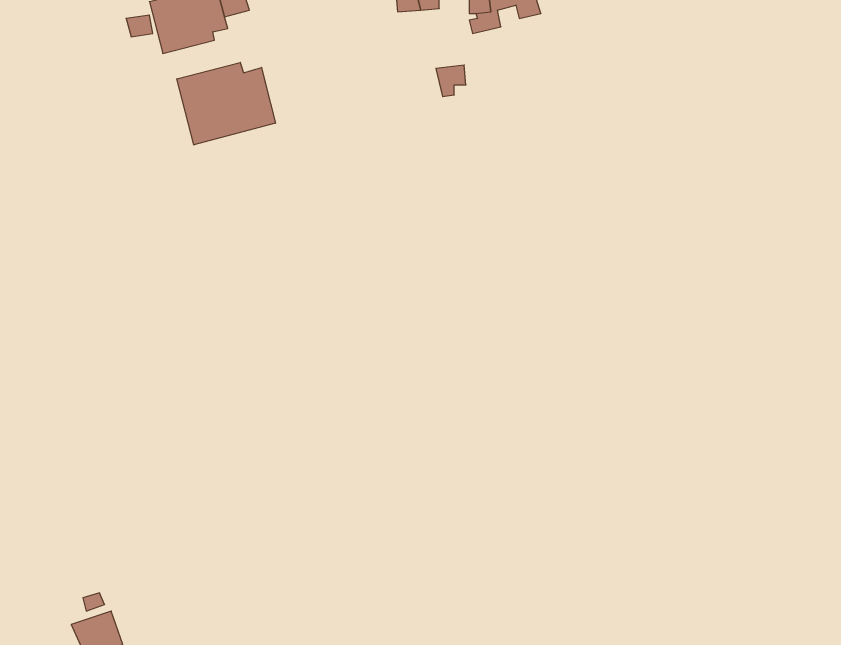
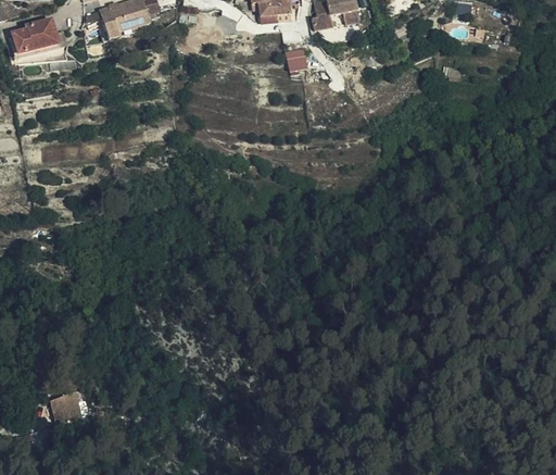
building: none -> [13,17,61,54]
building: [177,62,275,145] -> none

